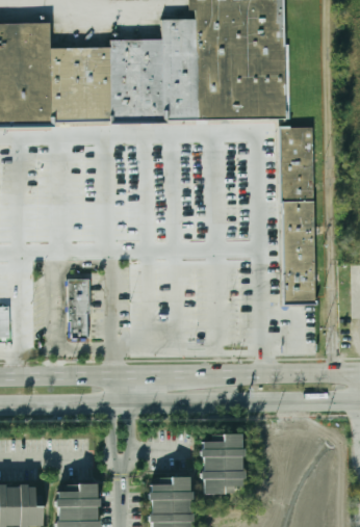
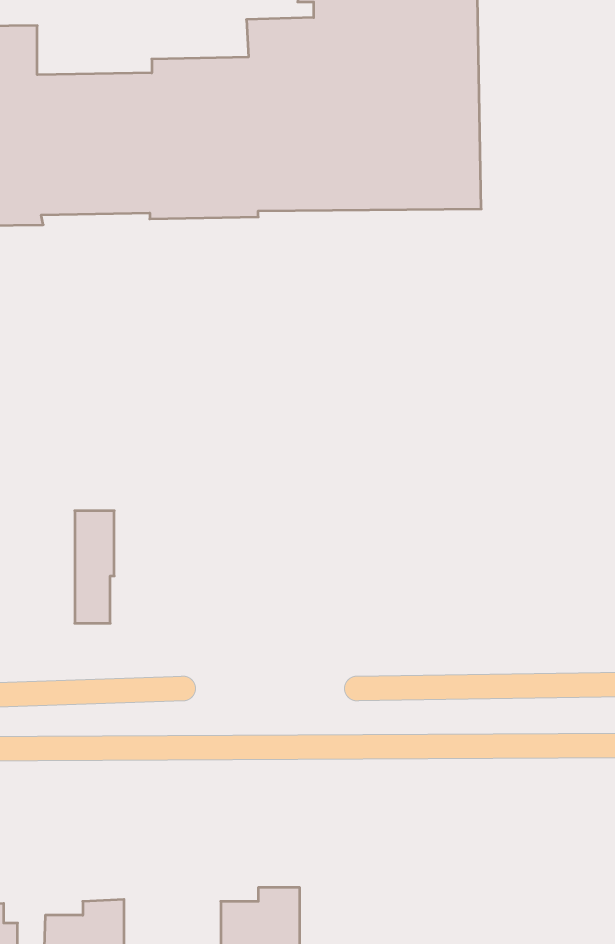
building: [279,127,319,304] -> none
building: [200,432,241,493] -> none

